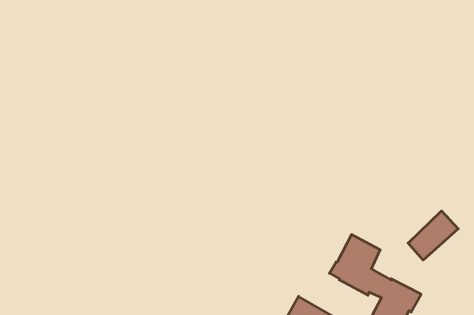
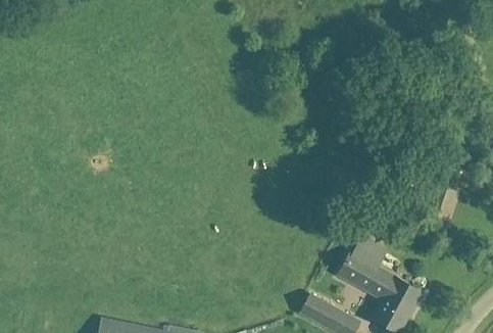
building: [408,211,458,260] -> none

